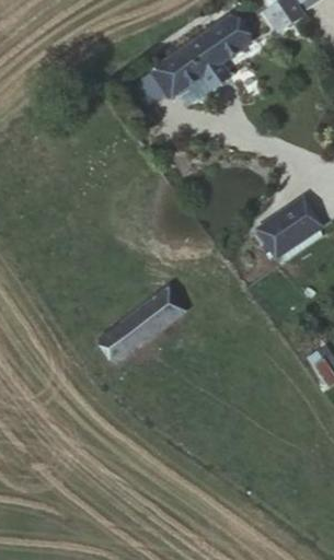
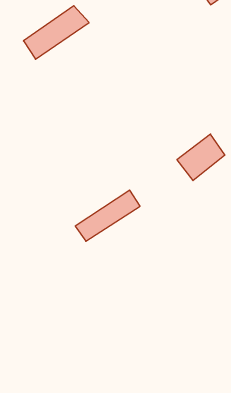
building: [153,27,243,101] -> [23,6,89,59]

